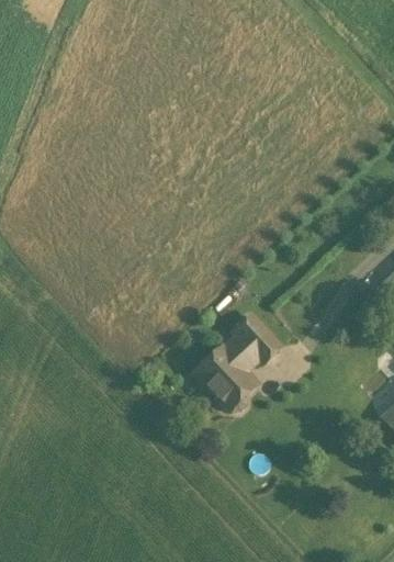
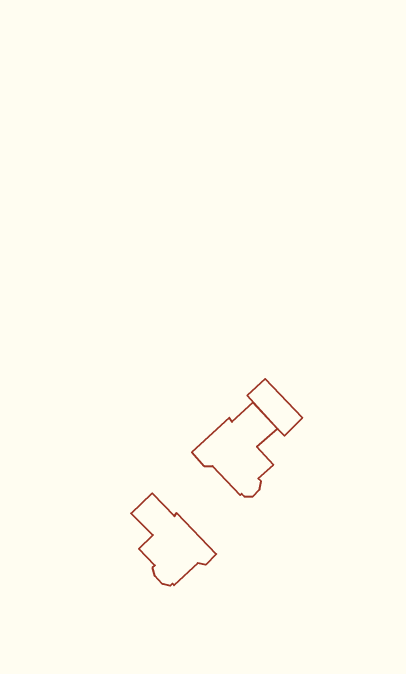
building: none -> [131,493,216,586]

